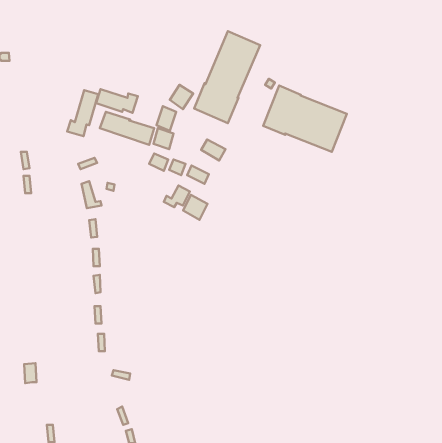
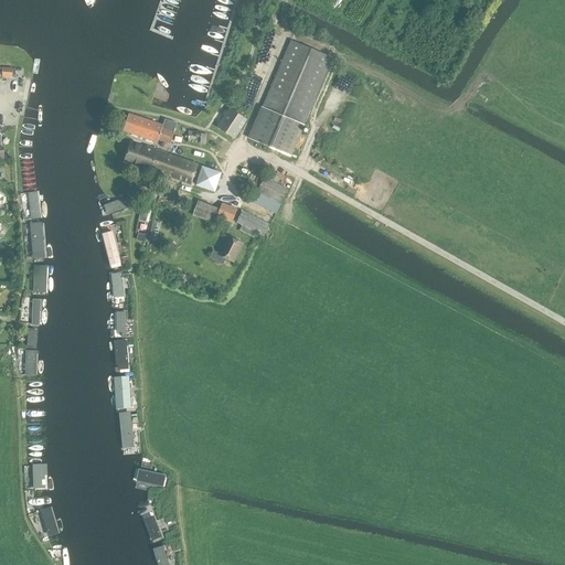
building: [263,86,347,152] -> none
building: [67,90,98,136] -> none
building: [156,106,176,131] -> none
building: [183,195,207,220] -> none

